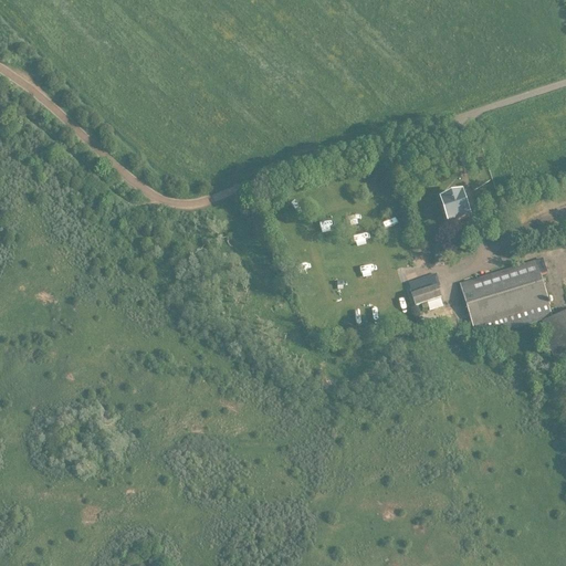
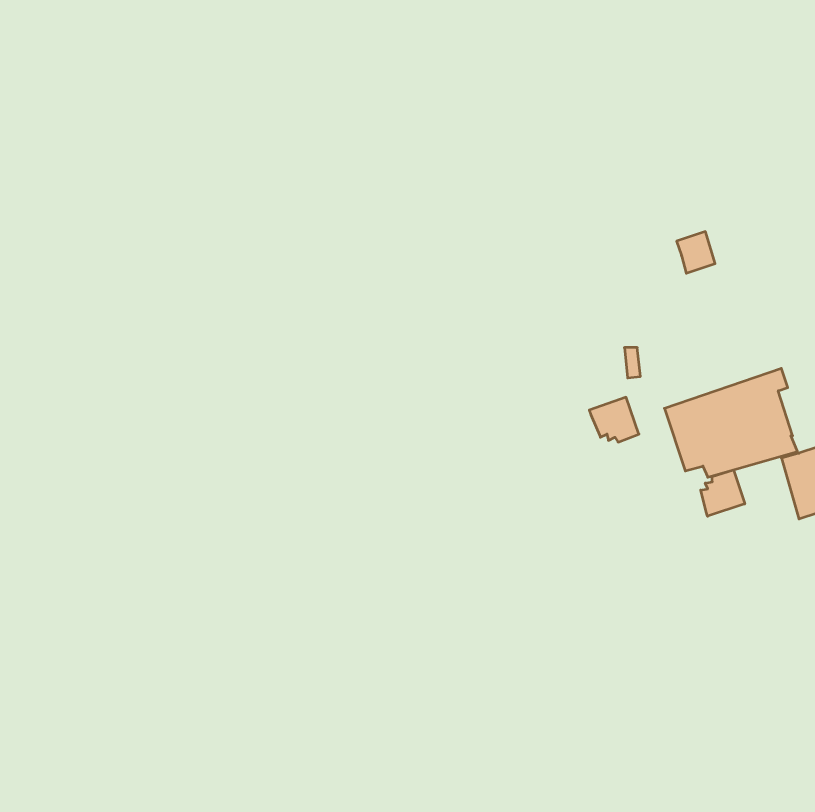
building: [442,190,469,219] -> [677,232,715,273]
building: none -> [701,470,745,516]

